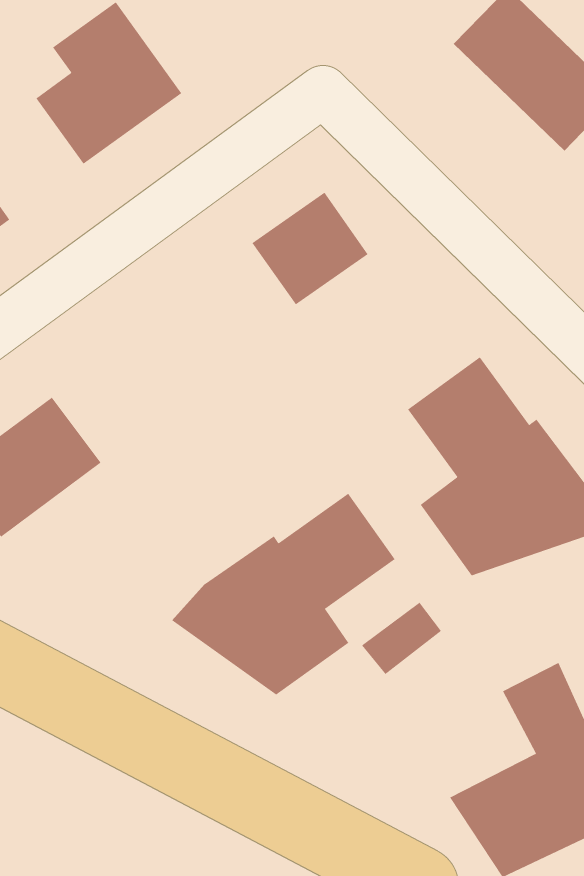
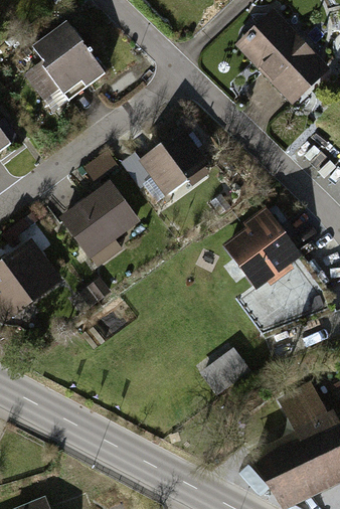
building: none -> [63,183,135,251]
building: [171,493,396,696] -> none

